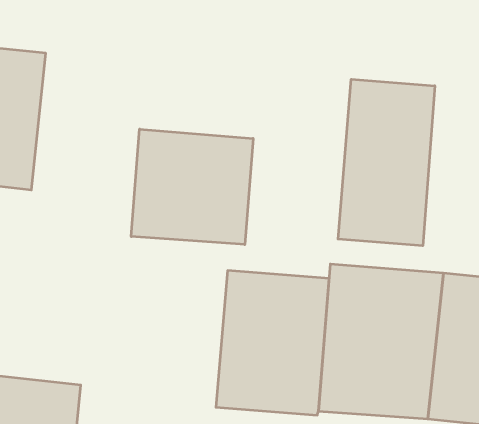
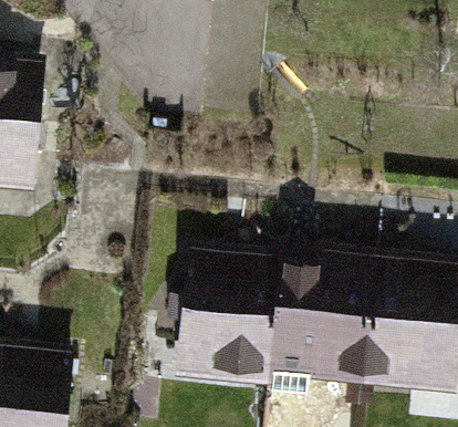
building: [338,79,435,246] -> none
building: [131,129,253,245] -> none

